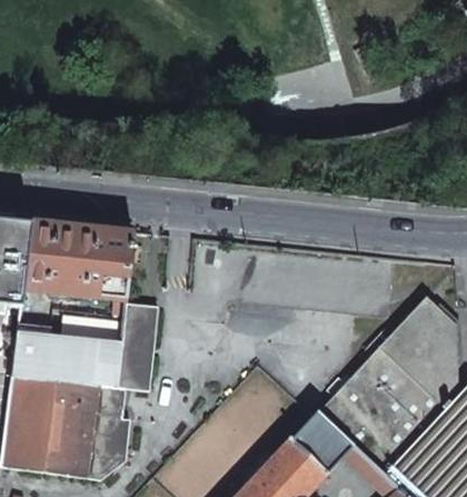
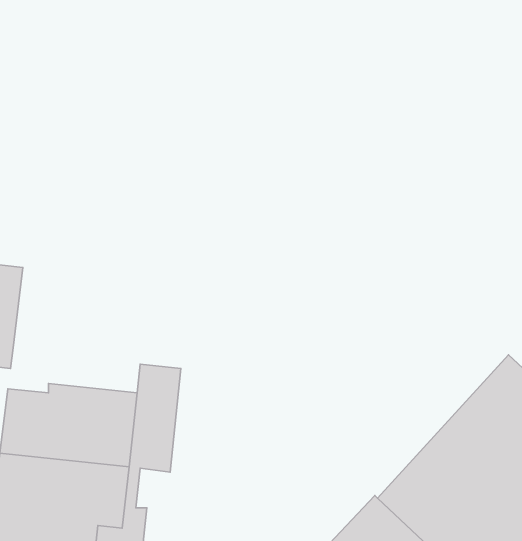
building: [21,222,131,328] -> none

